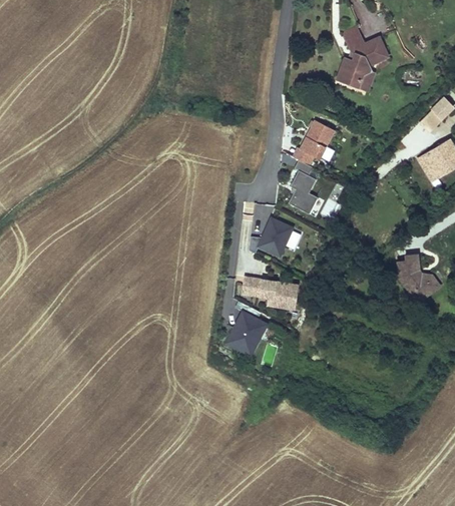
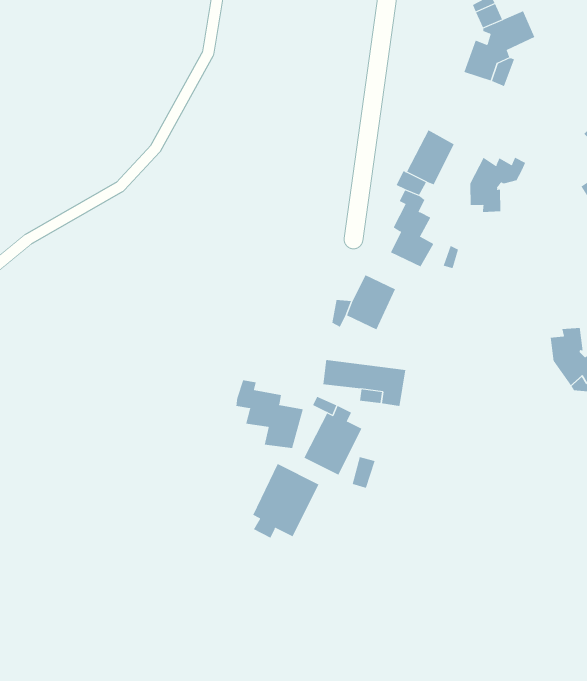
building: none -> [470,157,526,213]
building: none -> [236,379,303,449]
building: none -> [252,463,319,538]

